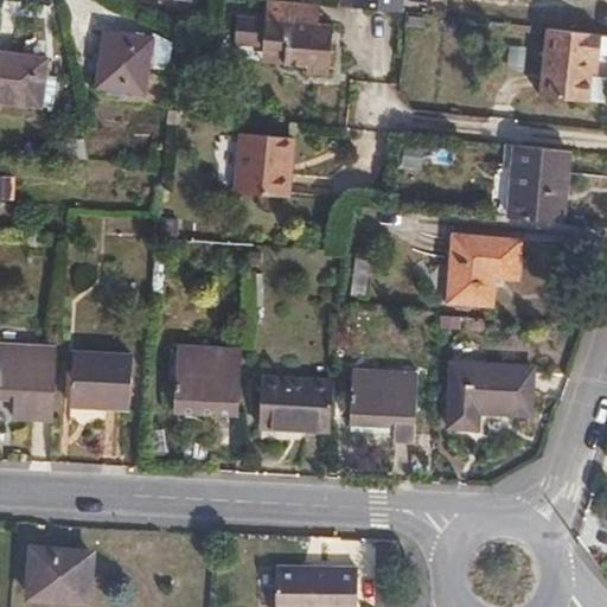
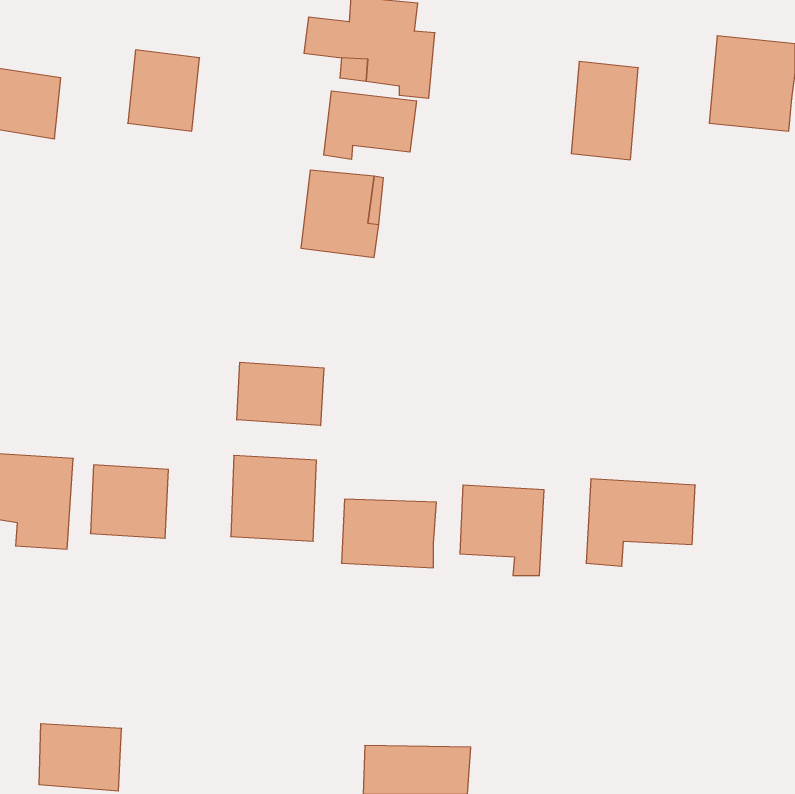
building: none -> [324,91,417,159]
building: [512,146,563,221] -> [571,61,638,160]
building: [448,235,519,302] -> none
building: none -> [237,362,324,426]

